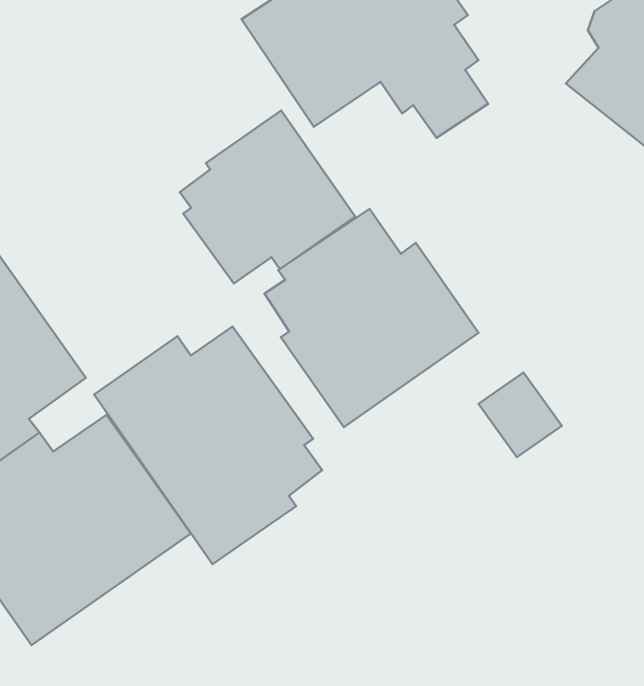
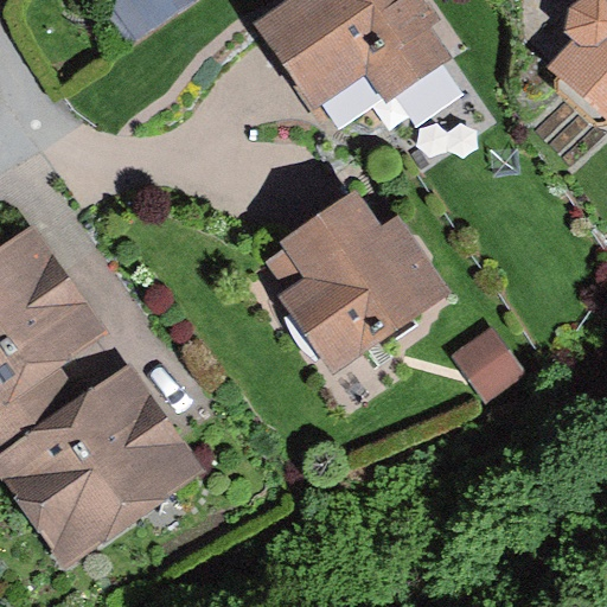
building: [180,111,355,283] -> none
building: [94,326,322,564] -> none

